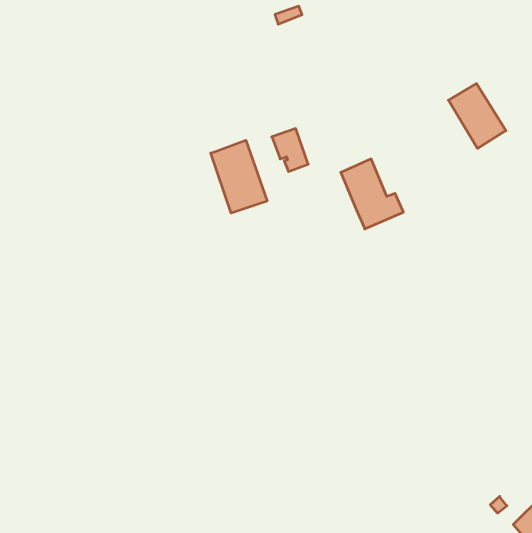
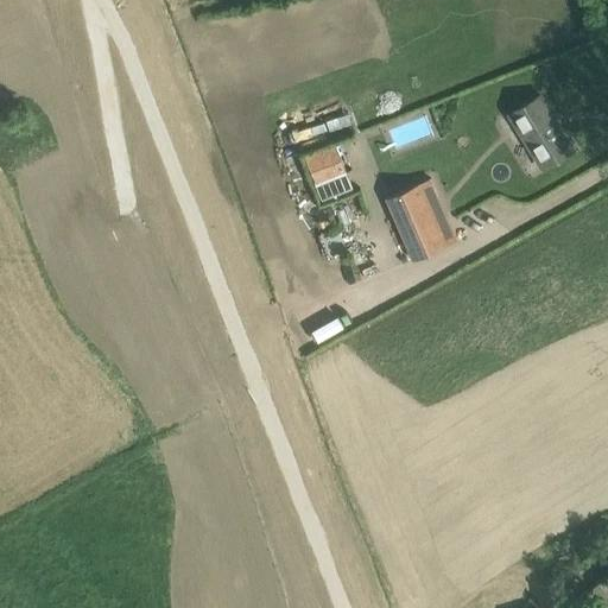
building: [211,140,267,213] -> none

